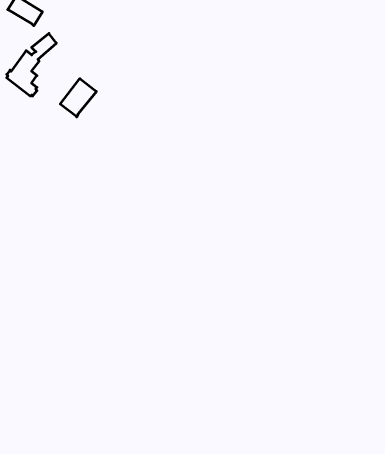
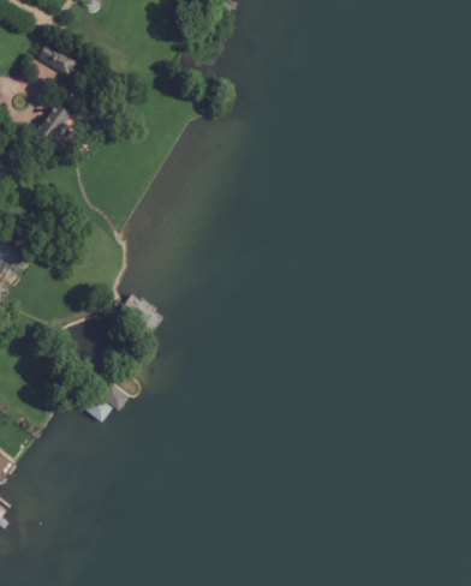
building: [60,79,96,117] -> none

